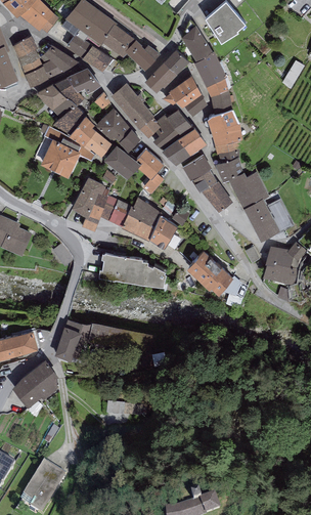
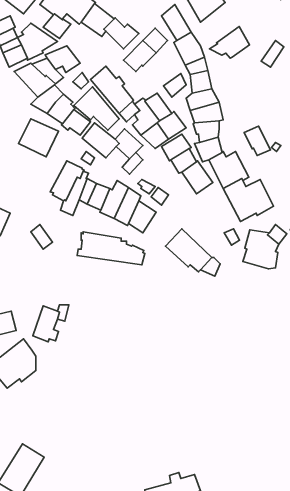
building: [81,44,113,71] -> none
building: [162,75,202,106] -> [209,26,250,58]
building: none -> [244,126,270,156]

